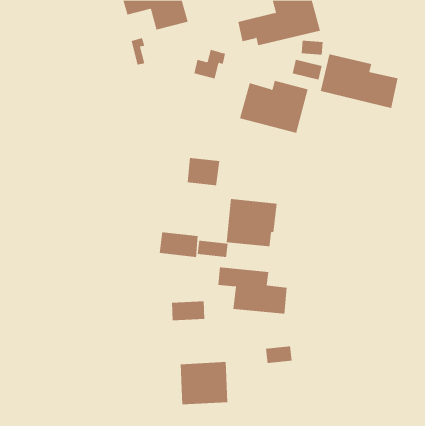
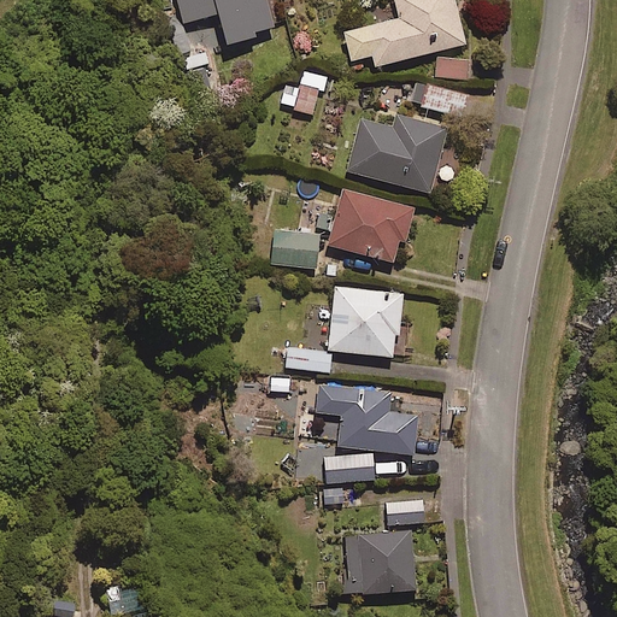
building: [320,53,398,109] -> none
building: none -> [328,190,413,263]
building: [159,231,198,258] -> none
building: [171,301,205,321] -> [324,454,374,483]
building: [180,362,228,405] -> [345,531,415,594]

